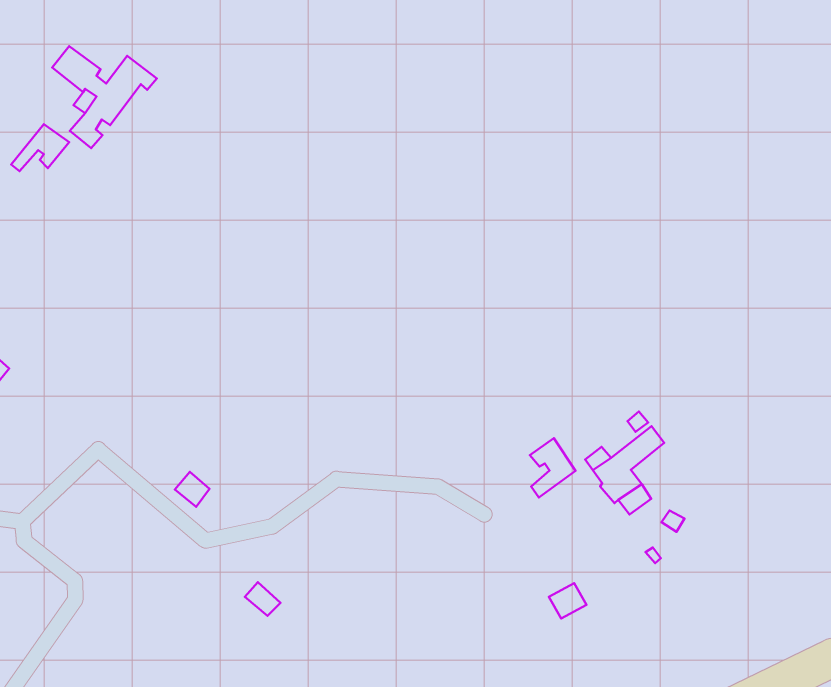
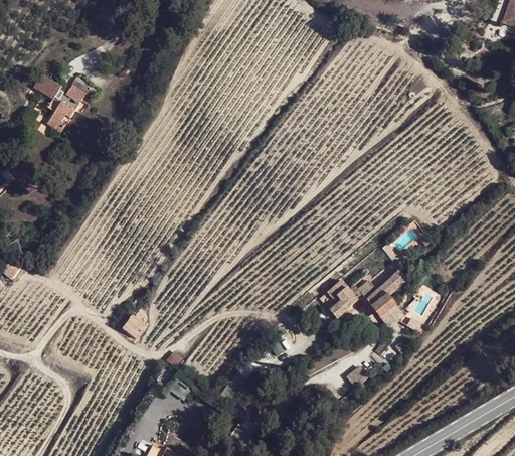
building: [11,124,69,171] -> none

